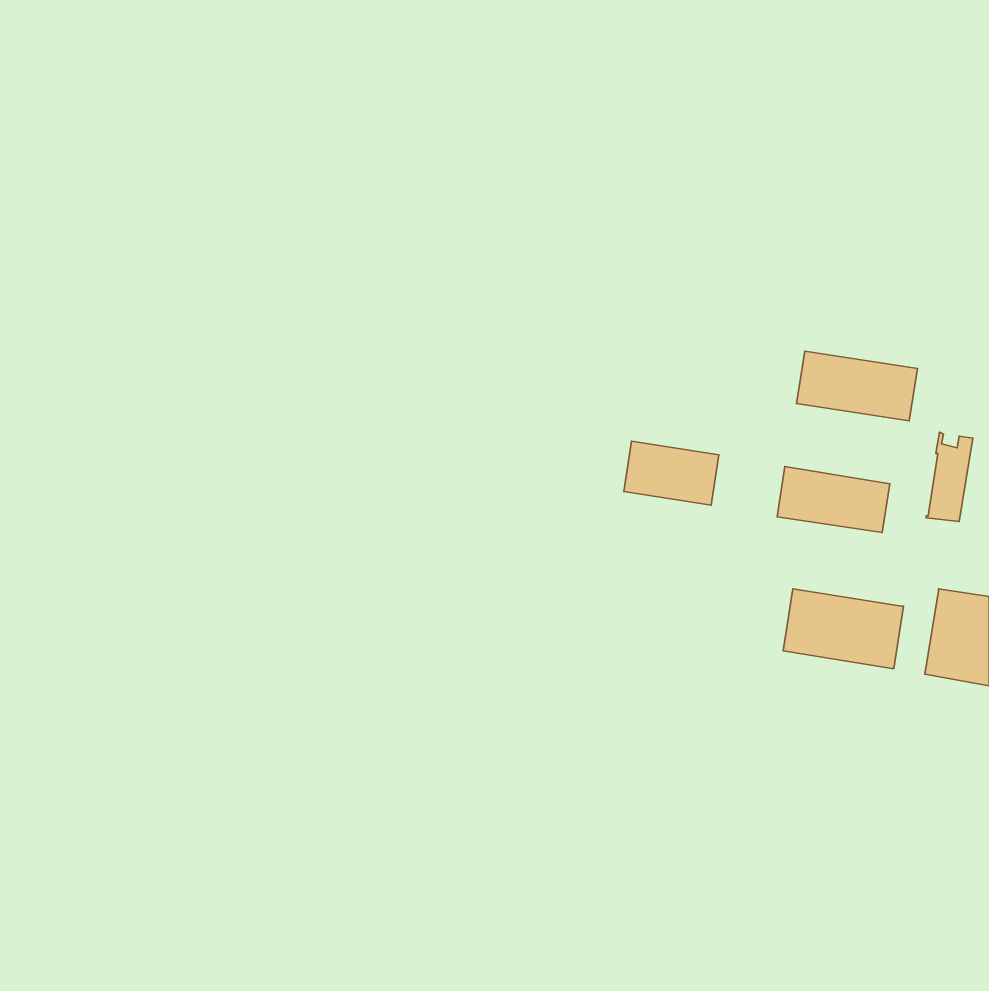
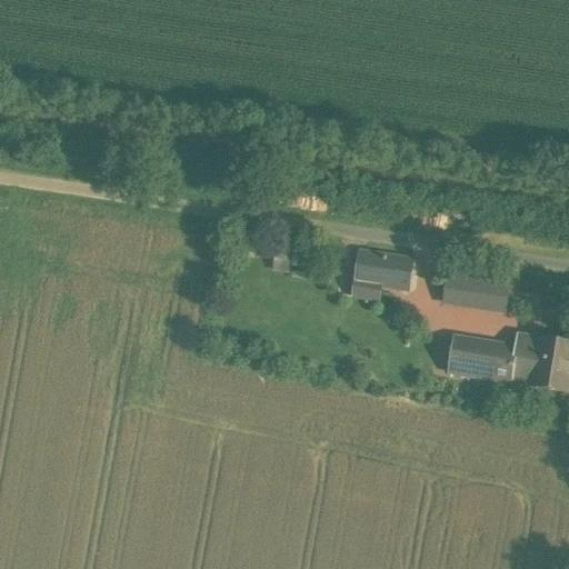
building: [797,351,917,421] -> none
building: [926,432,973,522] -> [510,335,537,386]

